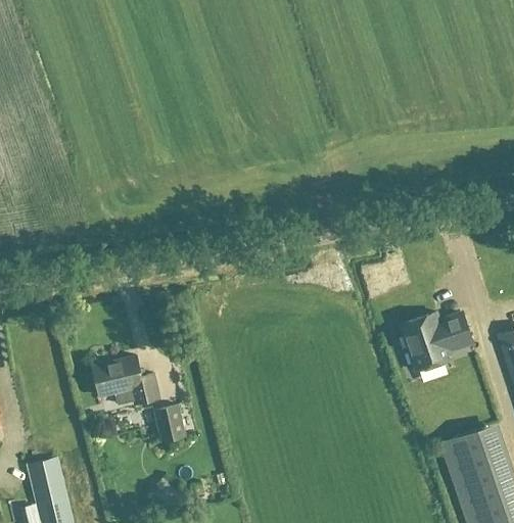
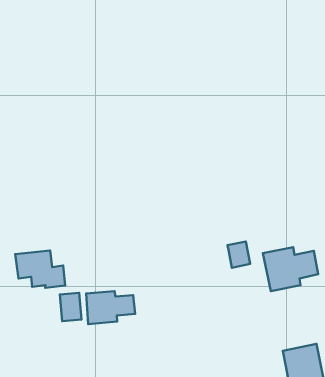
building: none -> [227,242,250,268]
building: none -> [86,291,135,324]

